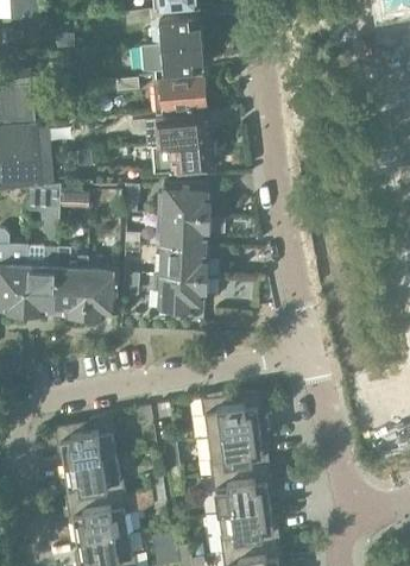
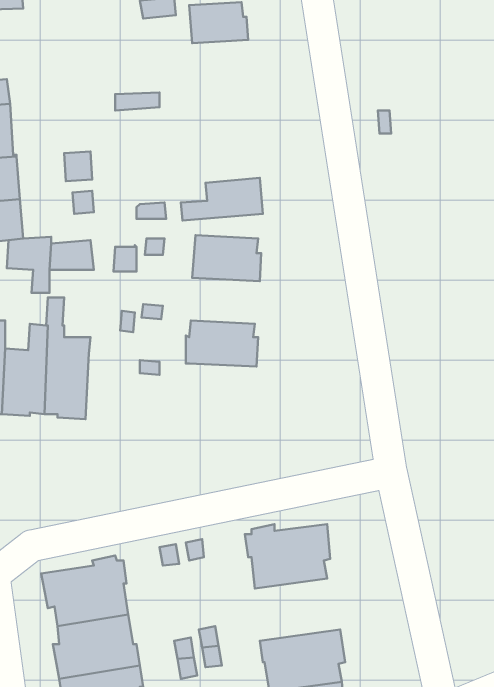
building: [140,43,203,74] -> none
building: [154,81,207,112] -> none
building: [130,118,210,149] -> none
building: [160,215,210,249] -> none
building: [84,270,118,317] -> none
building: [157,277,208,313] -> none
building: [207,433,269,478] -> none

